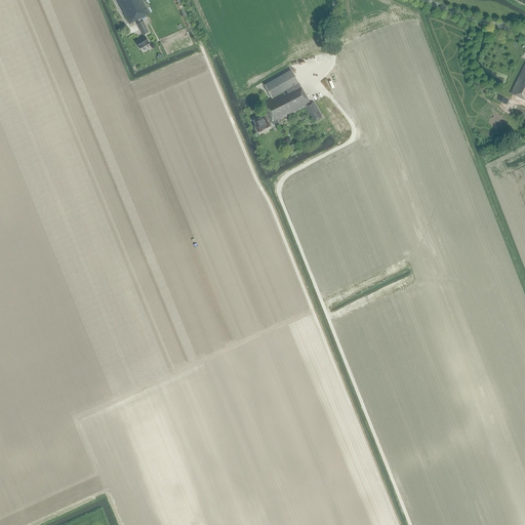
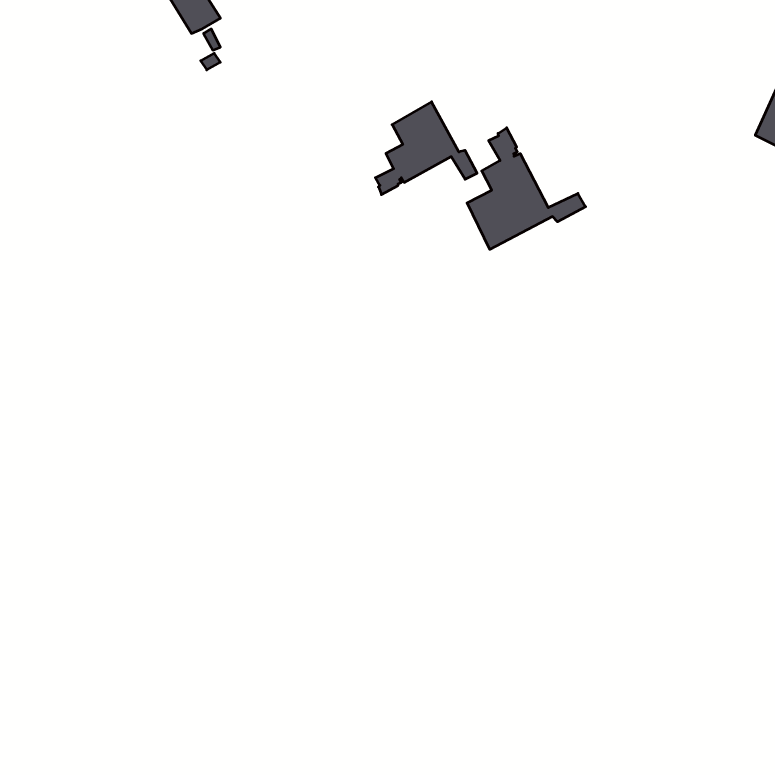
building: none -> [467,128,586,249]

